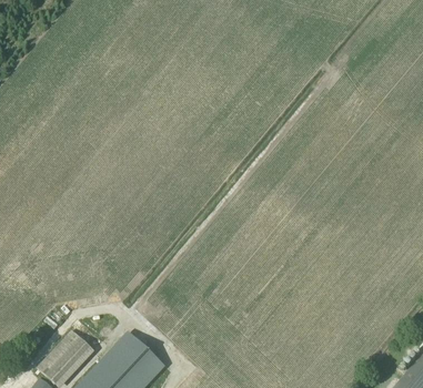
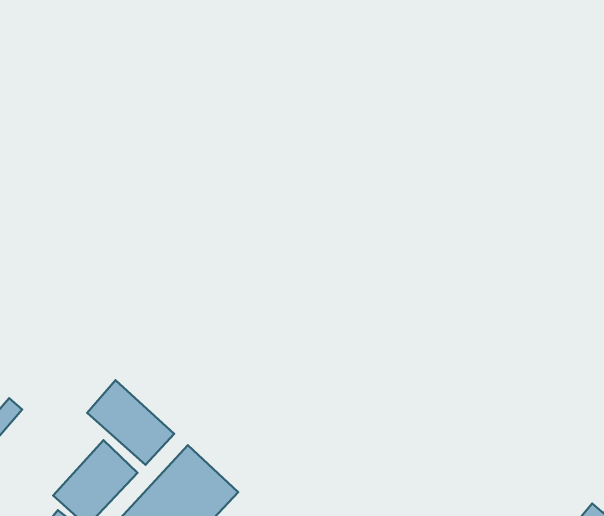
building: none -> [87,380,174,465]

